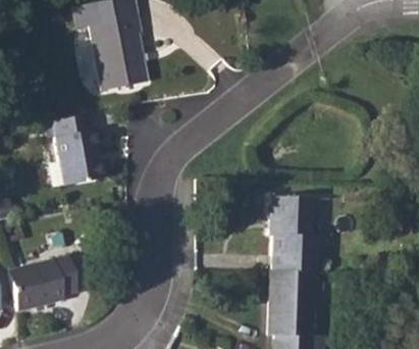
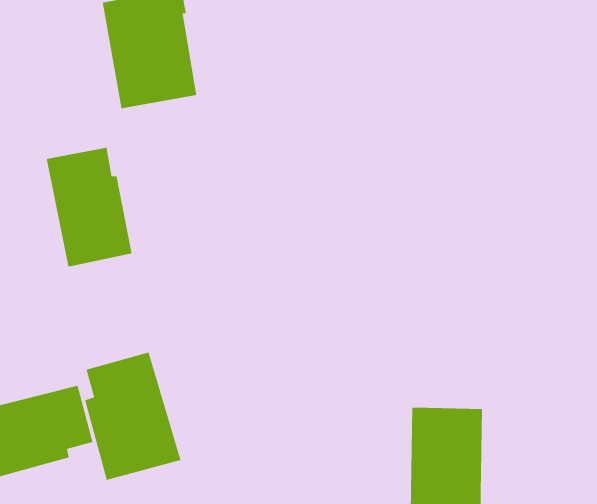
building: [269,195,332,270] -> none
building: none -> [84,351,181,481]

